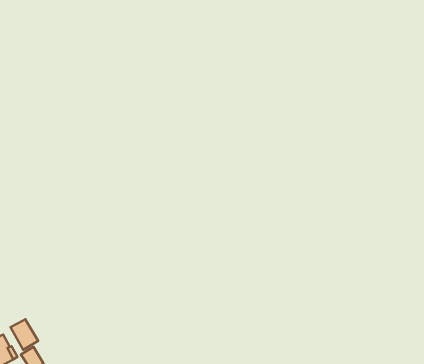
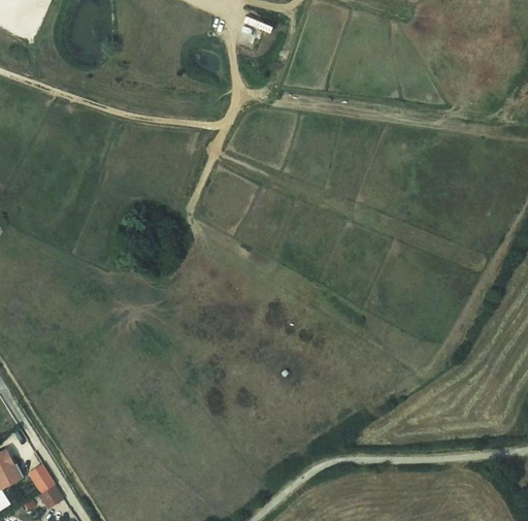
building: [11,319,38,350] -> none

